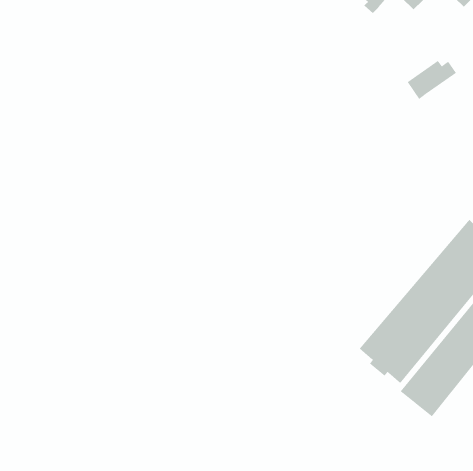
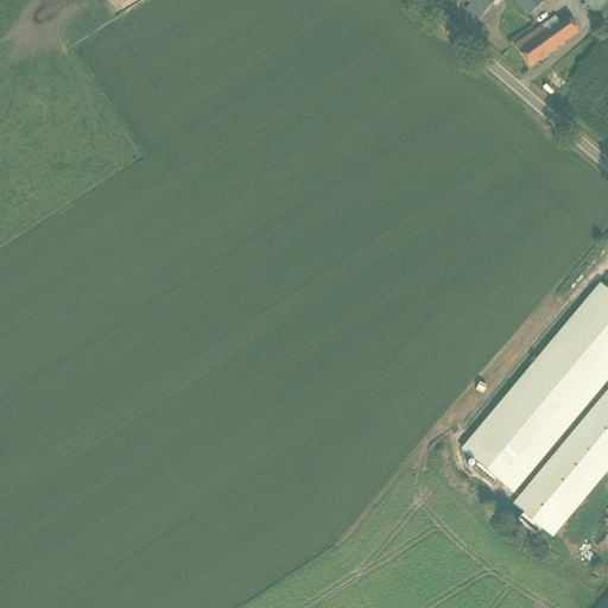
building: [407,60,457,100] -> [515,14,580,65]

